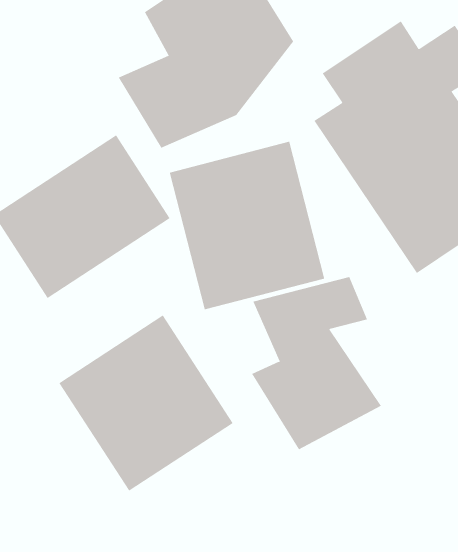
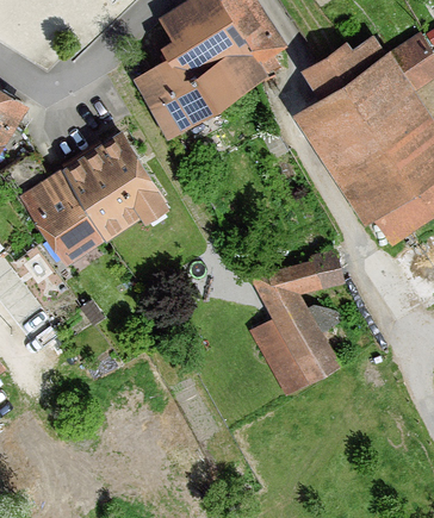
building: [169,141,325,310] -> none
building: [59,315,234,492] -> none

